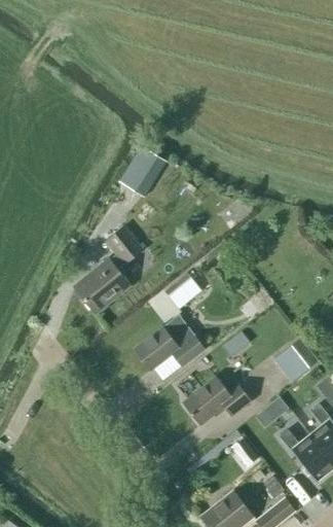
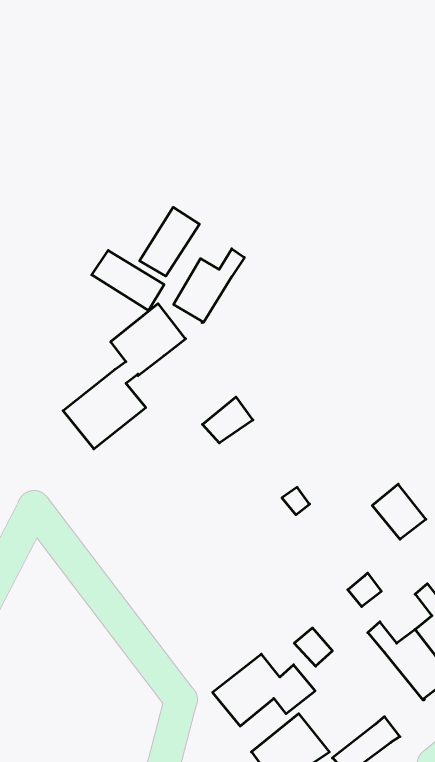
building: none -> [174,249,244,323]
building: none -> [92,250,164,310]
building: [133,315,203,371] -> none
building: [182,377,251,425] -> [213,654,315,726]

